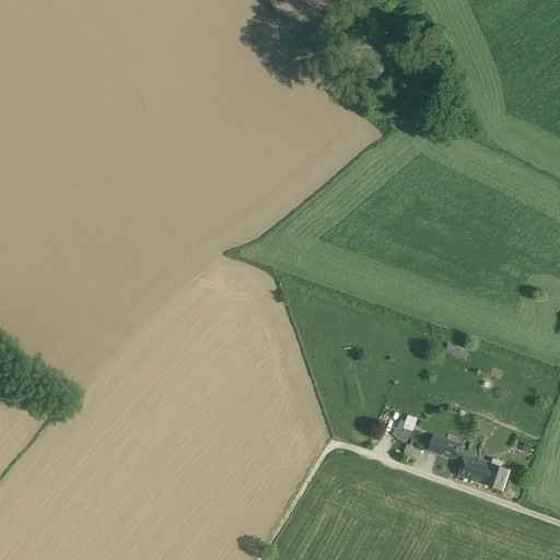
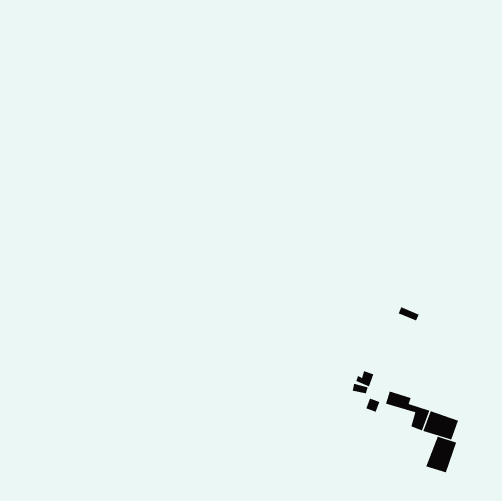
building: none -> [426,436,457,473]

